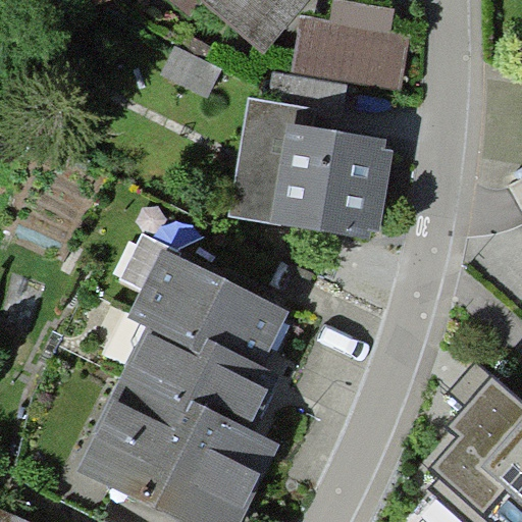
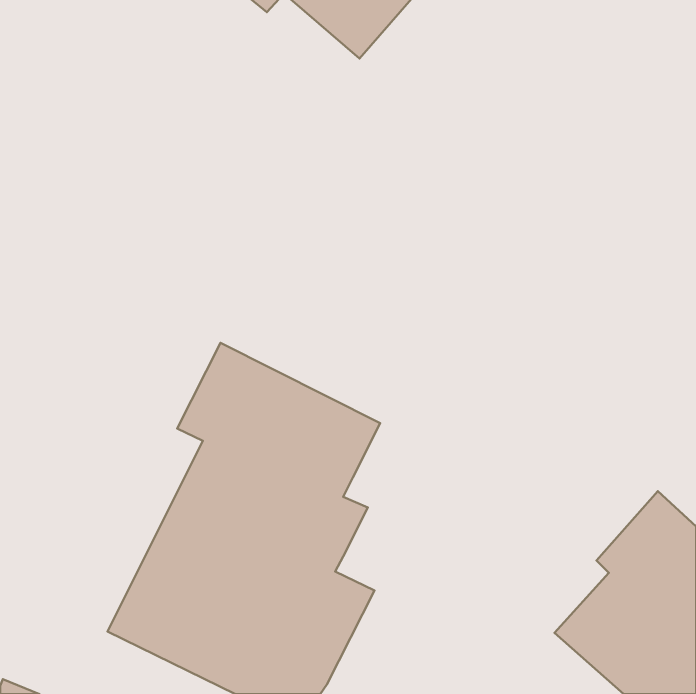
building: [297,12,401,96] -> none
building: [231,98,386,229] -> none

